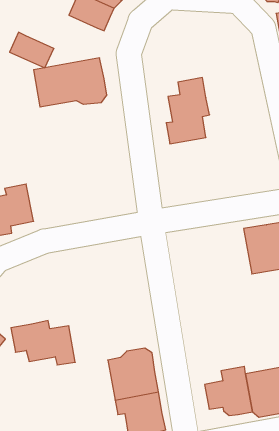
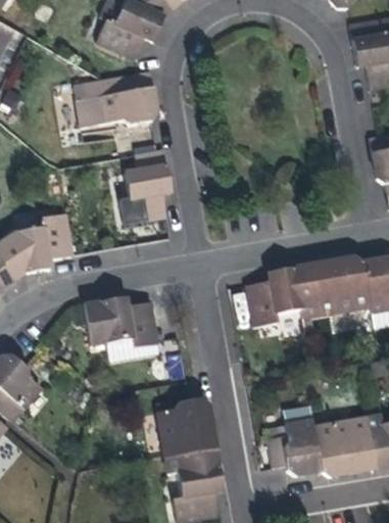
building: [10,32,54,68] -> [96,18,146,58]
building: [166,78,210,144] -> [121,148,171,223]
building: none -> [247,263,321,325]
building: [11,321,75,365] -> [85,295,157,345]

